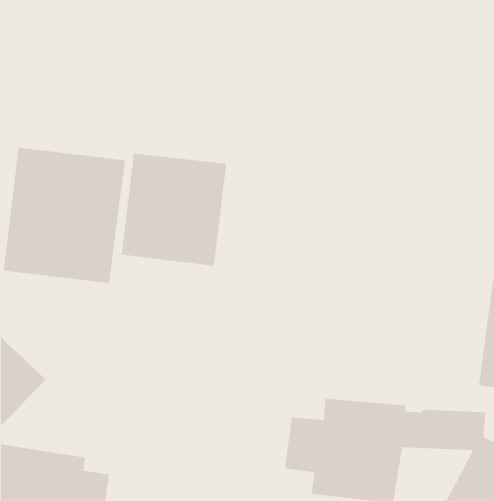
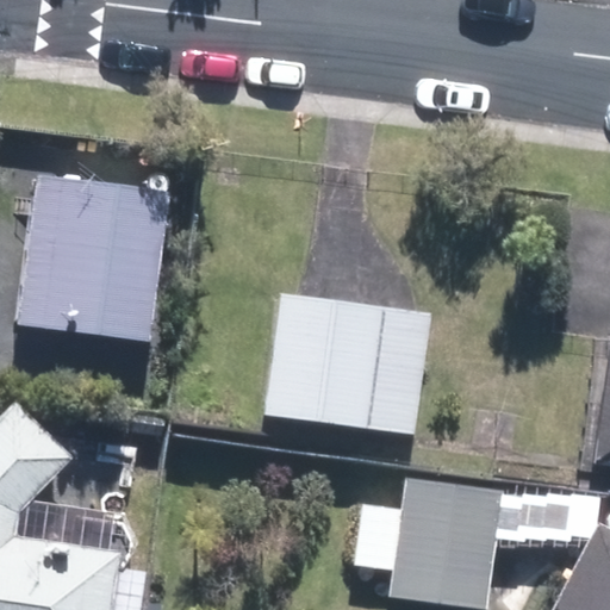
building: [121,153,227,266] -> none
building: none -> [264,294,432,434]

